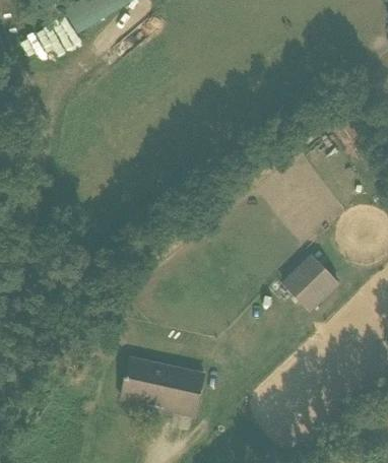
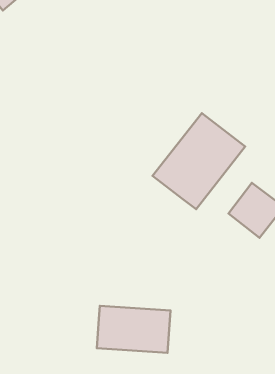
building: none -> [153,113,245,209]

